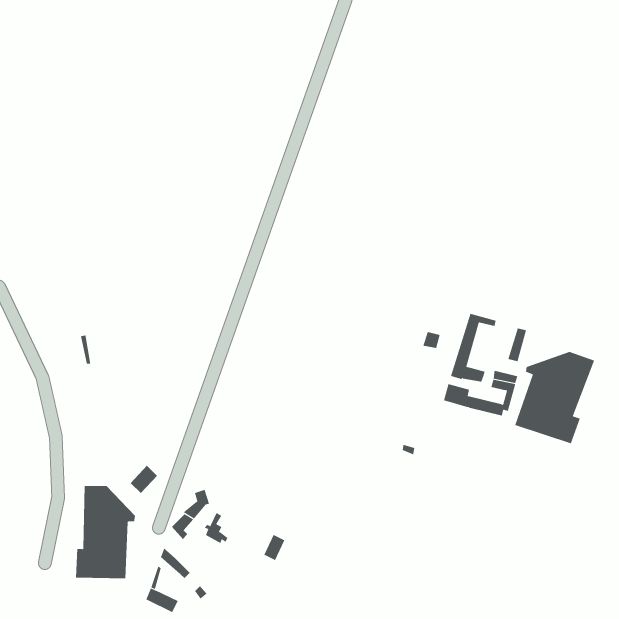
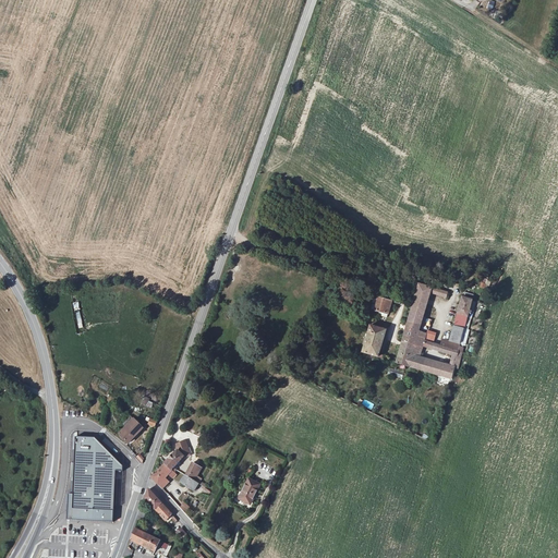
building: [514,351,595,444] -> none
building: none -> [364,322,390,355]

